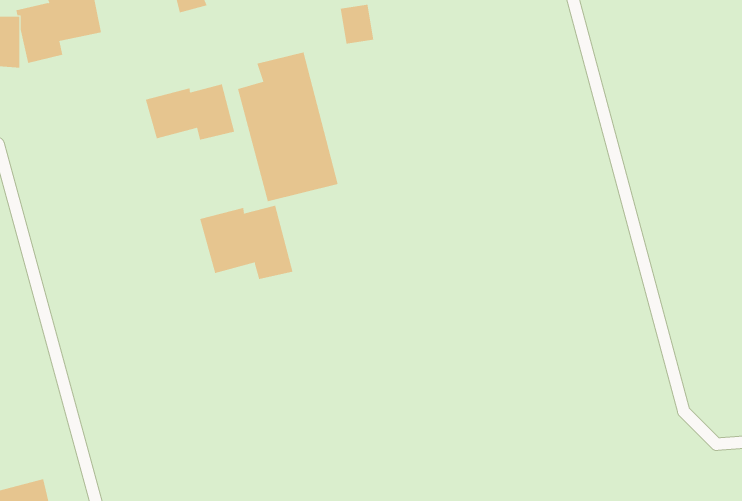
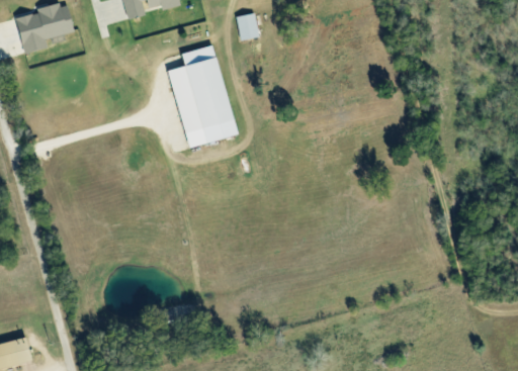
building: [145,84,235,141] -> none
building: [200,205,293,280] -> none

